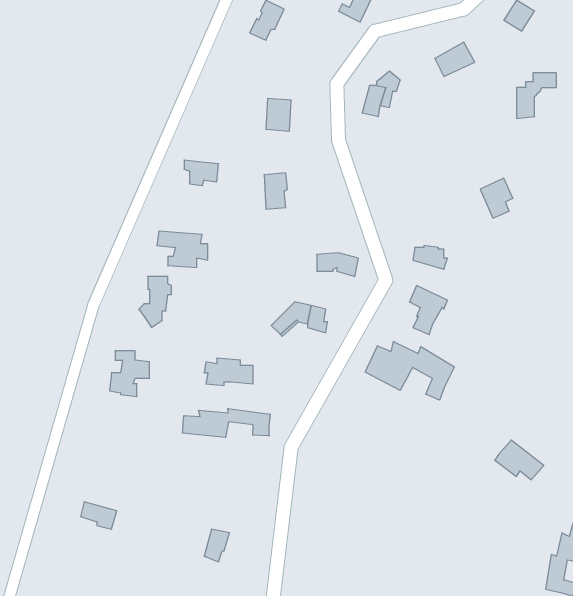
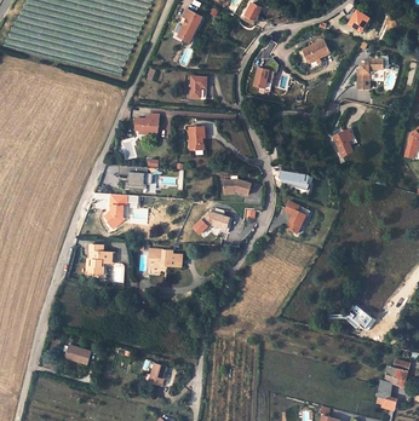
building: [365,341,454,400] -> none
building: [183,408,270,437] -> none

